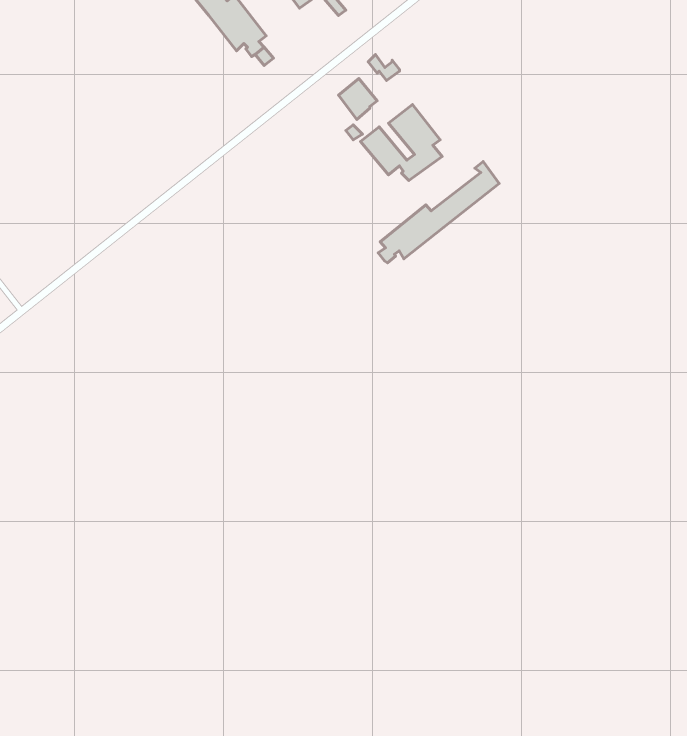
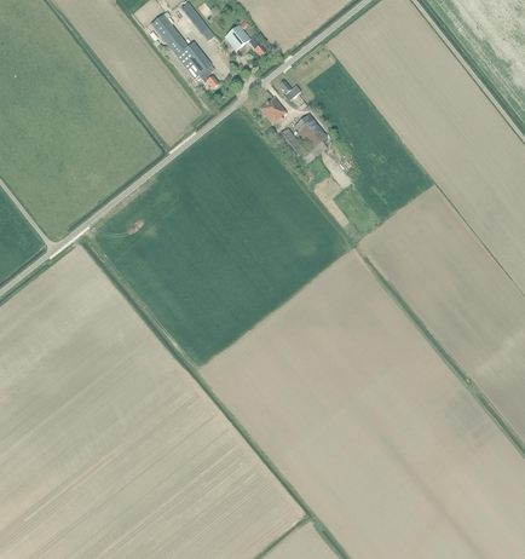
building: [378,161,499,263] -> none

